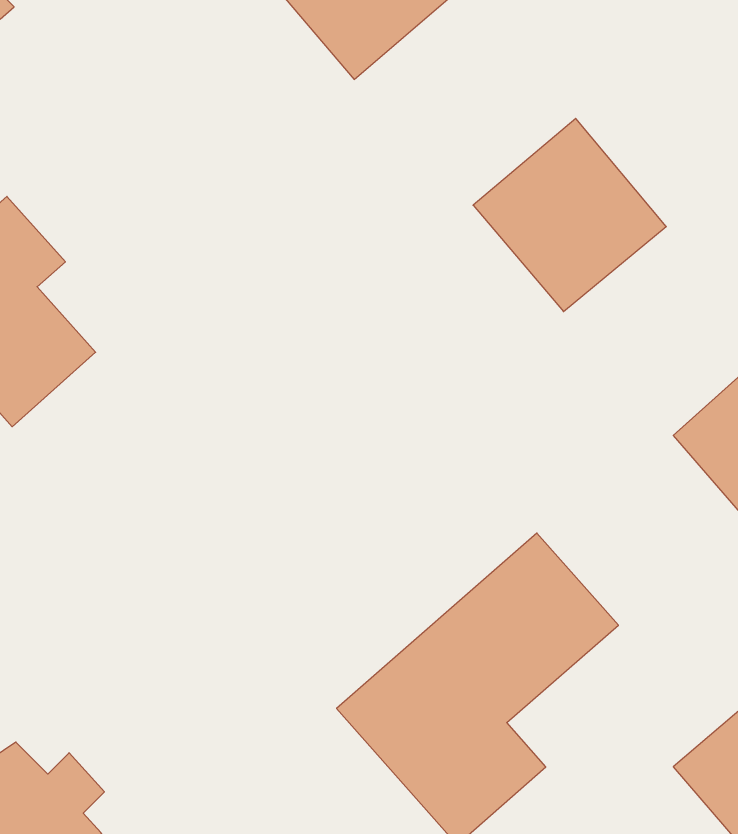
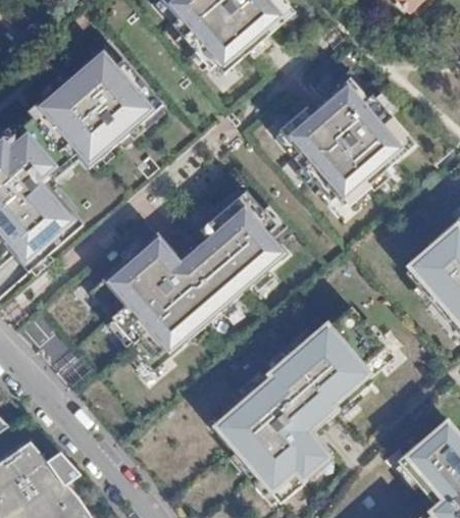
building: none -> [39,51,151,162]
building: none -> [109,204,286,350]

